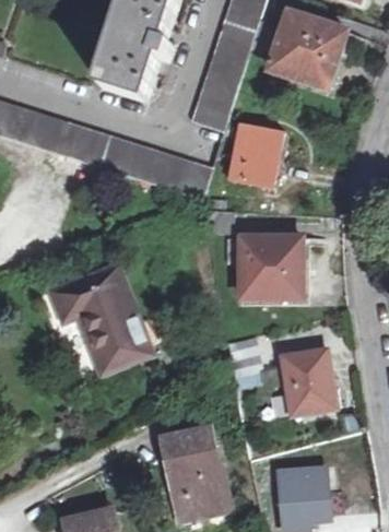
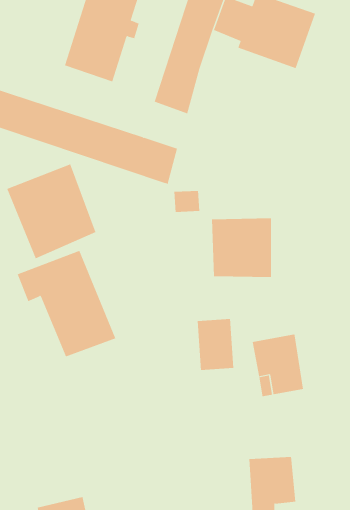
building: [223,127,276,189] -> none
building: none -> [6,164,96,259]
building: [165,428,228,513] -> none

